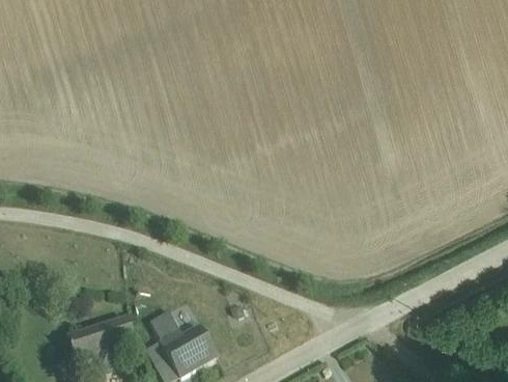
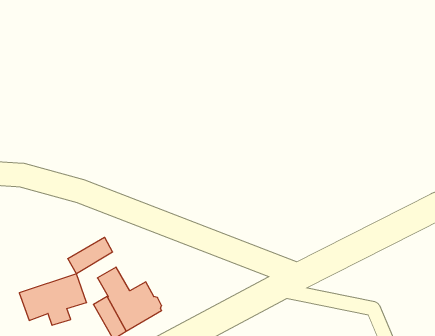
building: none -> [68,237,113,274]

